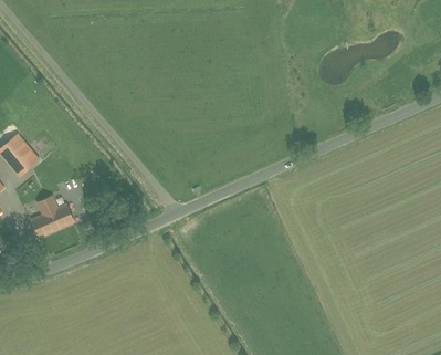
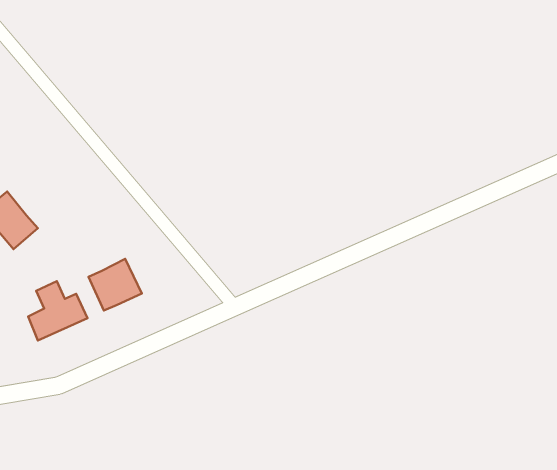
building: none -> [89,259,142,311]

